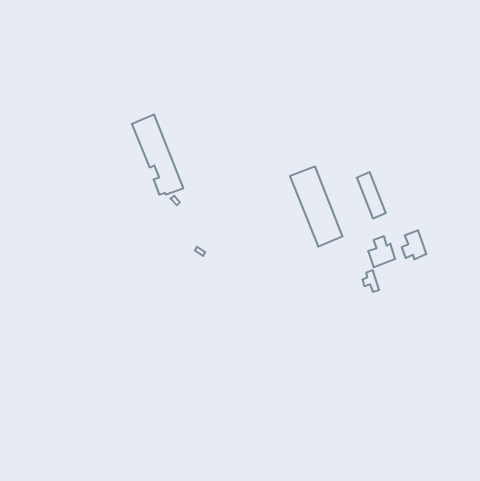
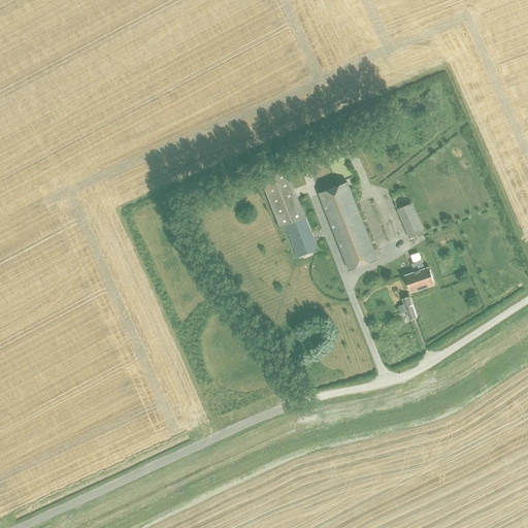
building: [132,115,183,195] -> [260,169,317,257]
building: [402,230,426,259] -> none

